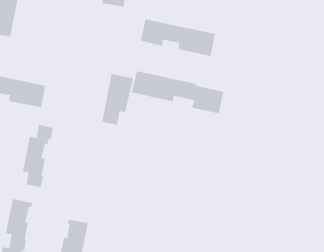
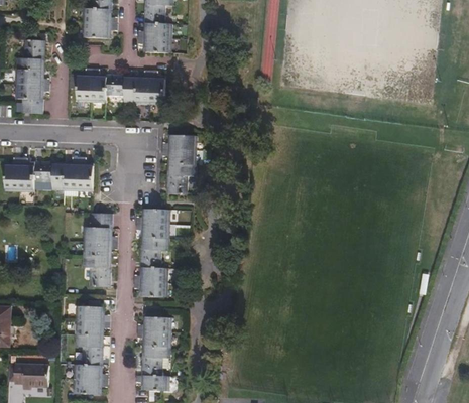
building: [140,19,216,57] -> [76,74,164,105]
building: [131,71,224,114] -> none
building: none -> [141,209,169,296]

